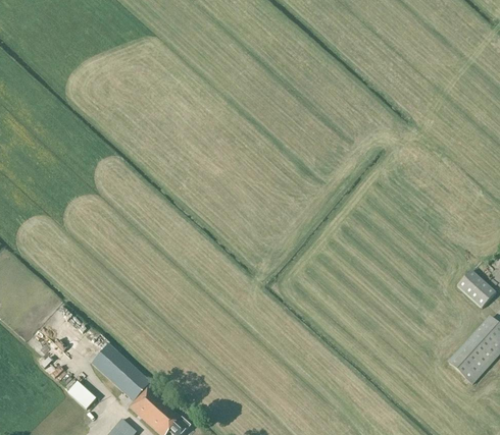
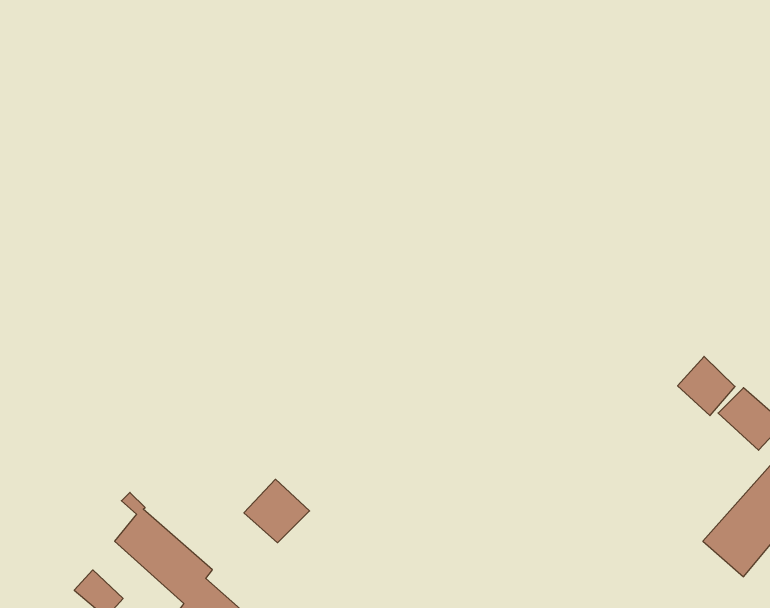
building: none -> [678,356,735,416]
building: none -> [244,479,310,543]

